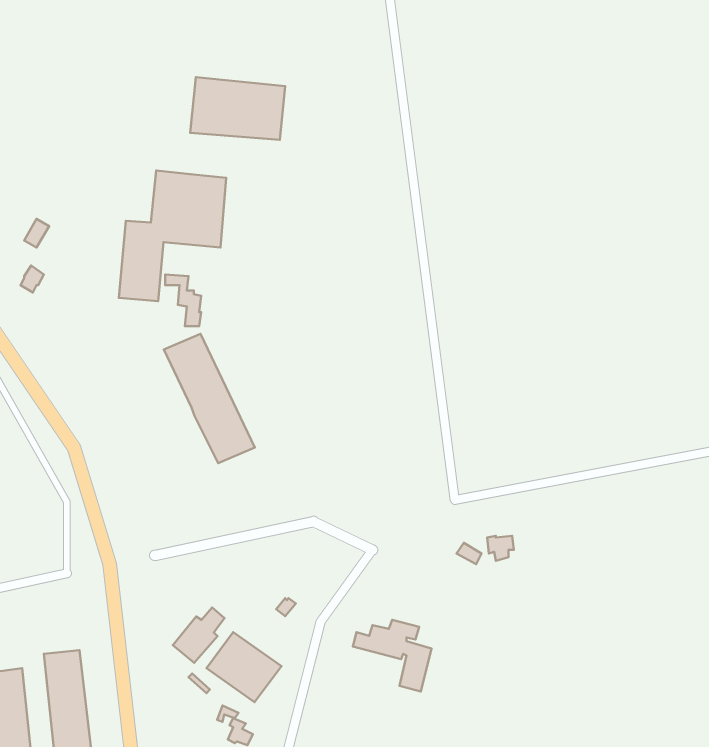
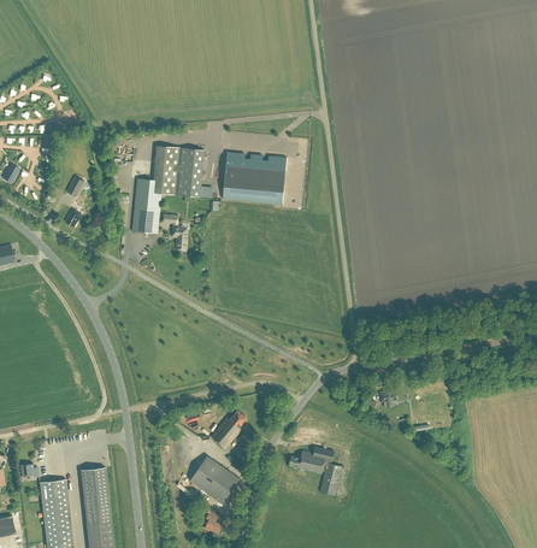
building: [190,77,285,140] -> [223,157,287,199]
building: [164,334,255,463] -> none
building: [173,607,225,663] -> [211,411,246,448]

